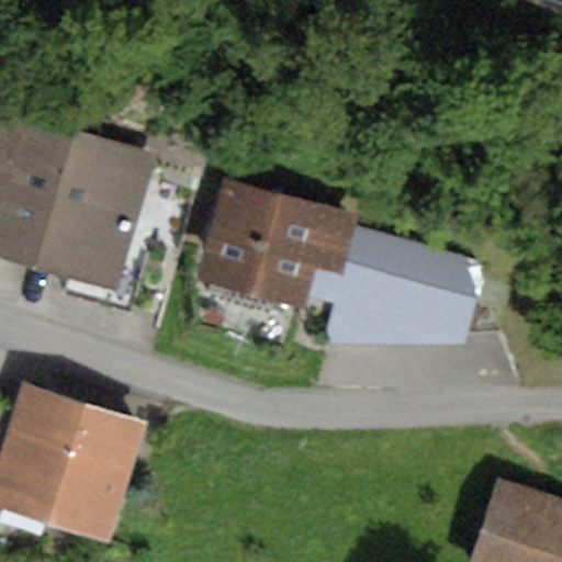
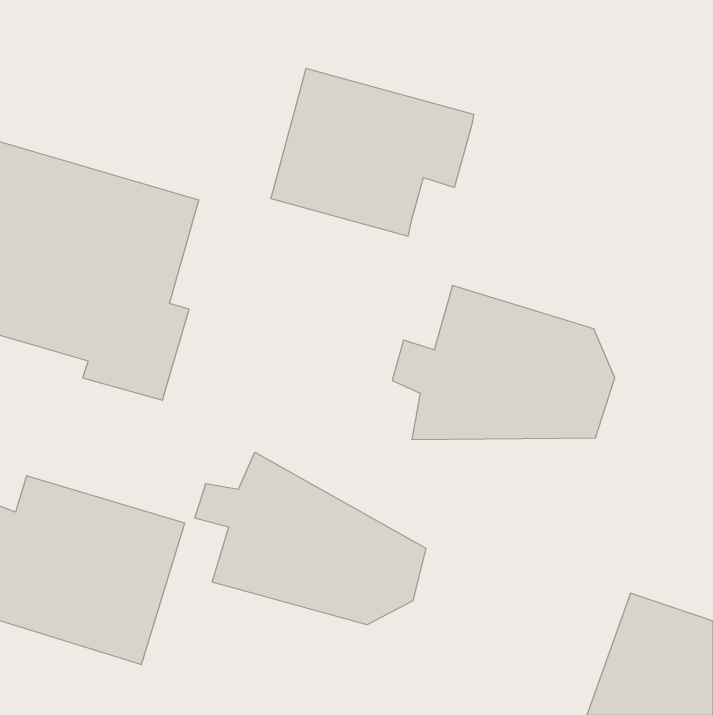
building: [196,181,356,313] -> [271,68,474,236]
building: none -> [195,452,426,625]

